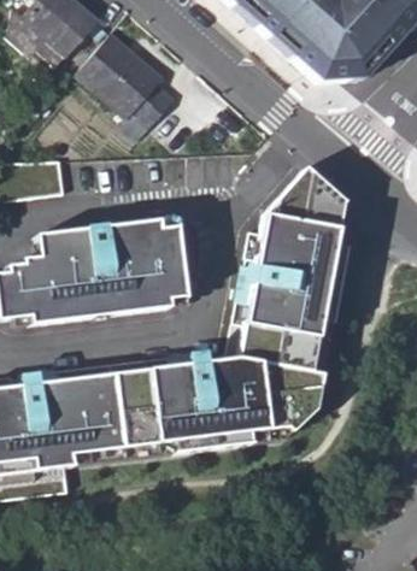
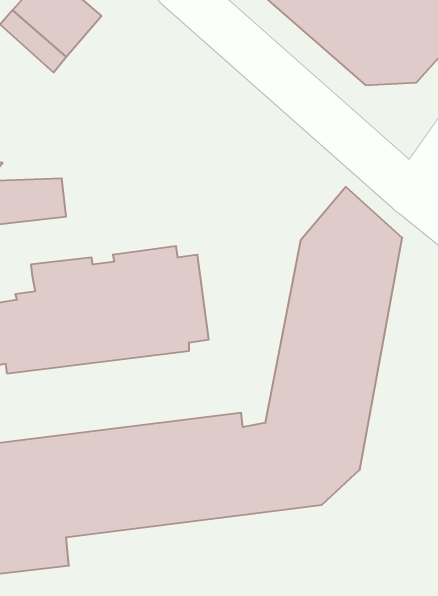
building: [75,34,172,125] -> none

